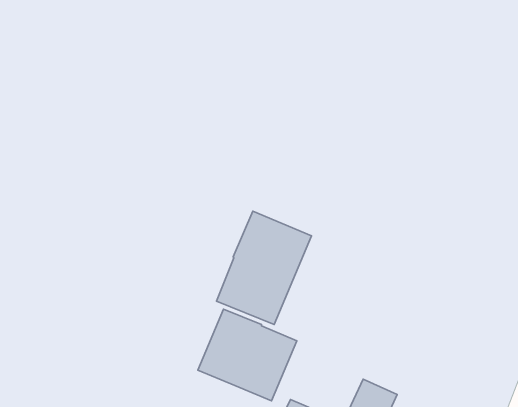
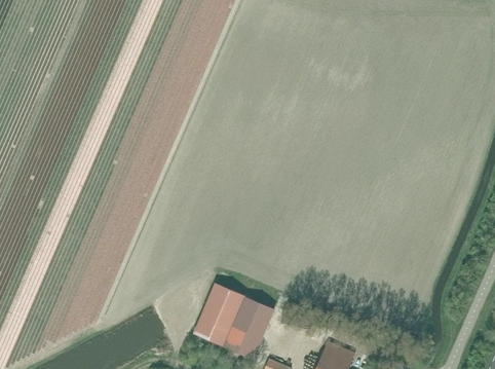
building: [216,211,311,325] -> none

